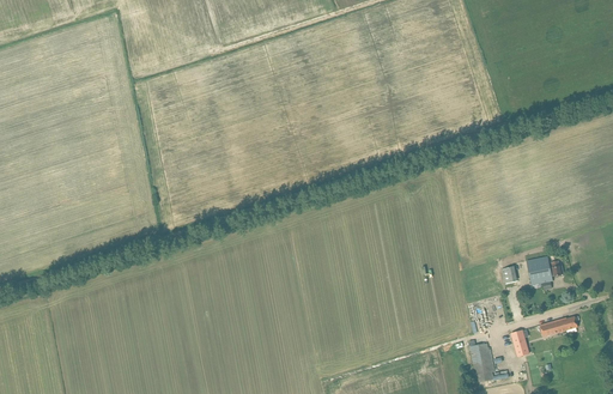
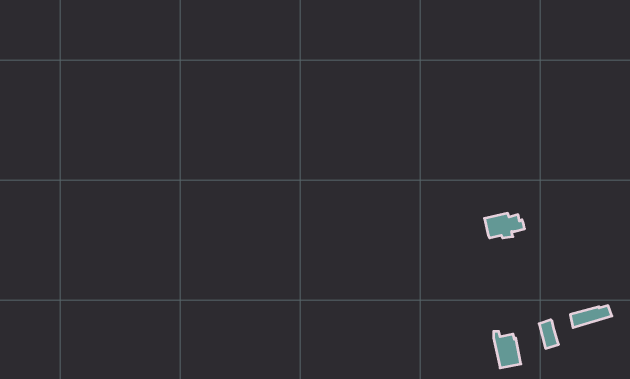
building: [526,259,563,281] -> [484,213,525,238]

